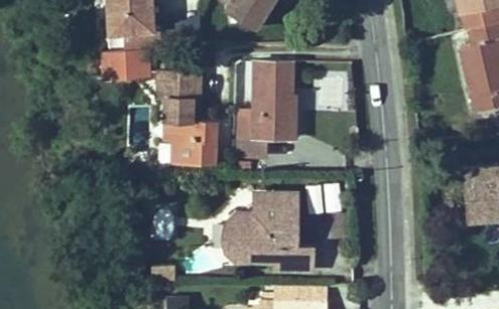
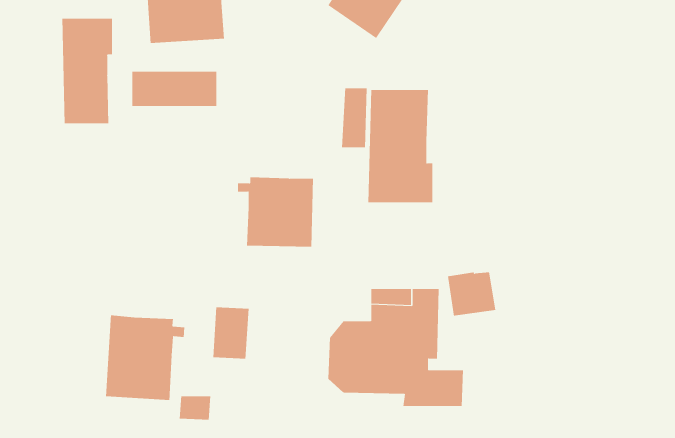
building: none -> [62,18,113,124]
building: [158,74,203,123] -> none
building: none -> [105,315,185,401]

